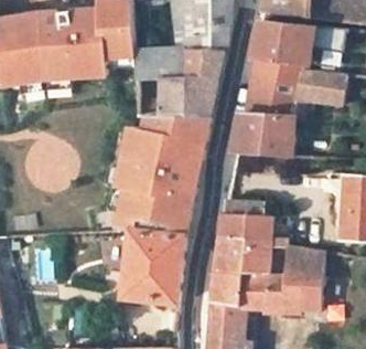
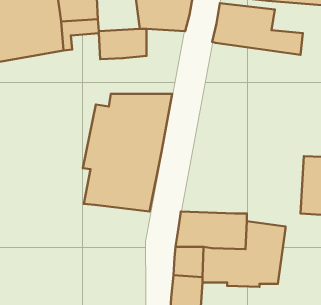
building: [158,49,222,115] -> none
building: [232,63,344,159] -> none
building: [217,201,273,237] -> none
building: [121,229,185,305] -> none

